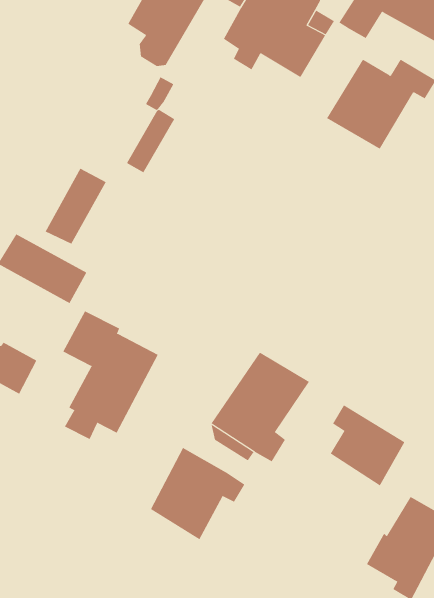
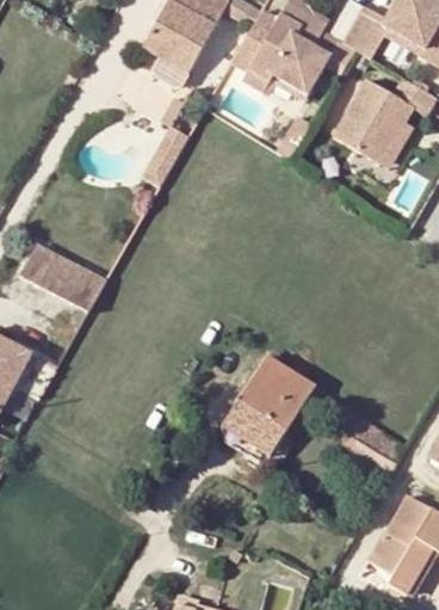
building: [45,168,106,245] -> none
building: [63,311,158,440] -> none
building: [150,447,245,540] -> none

